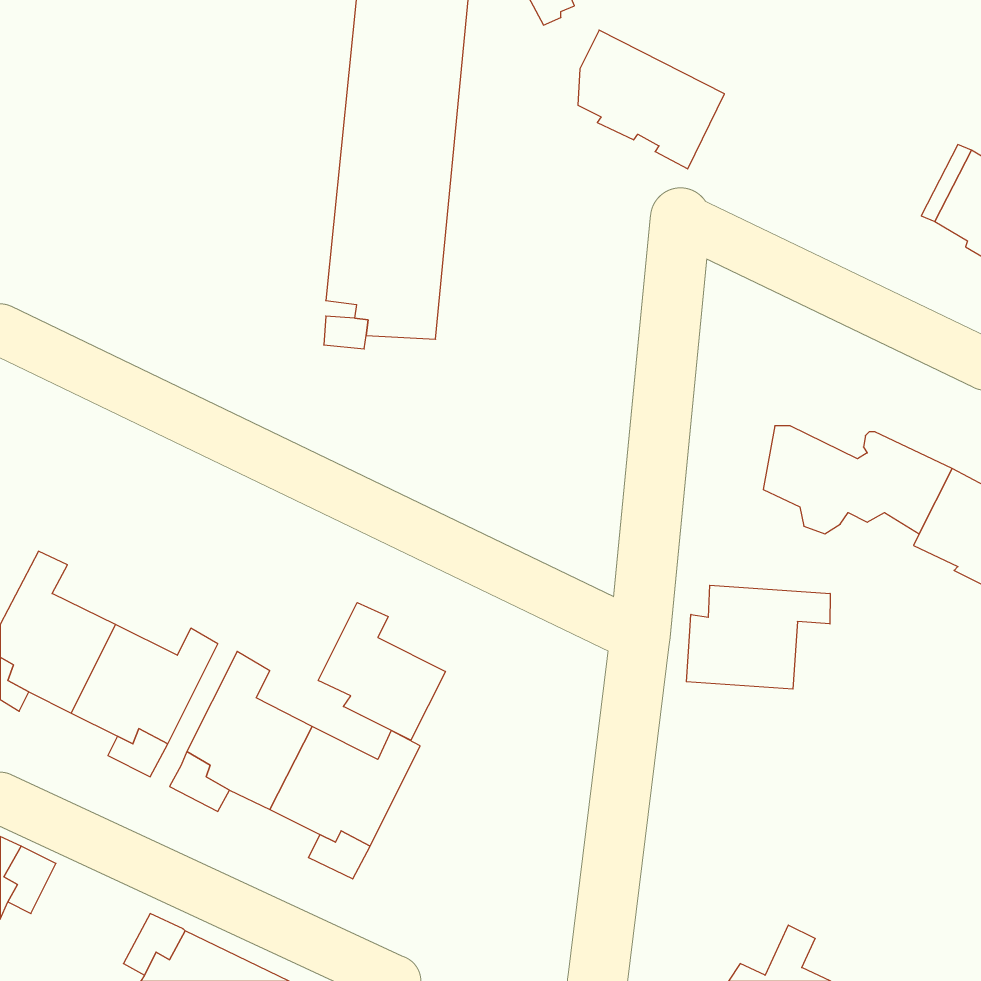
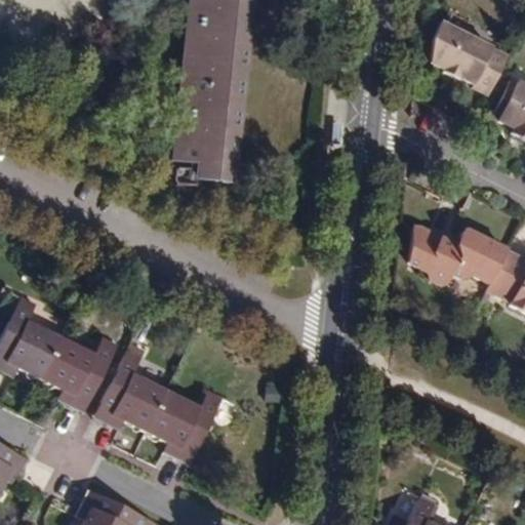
building: [578,30,724,169] -> [432,21,510,94]
building: [686,585,830,689] -> none
building: [318,603,445,740] -> none

